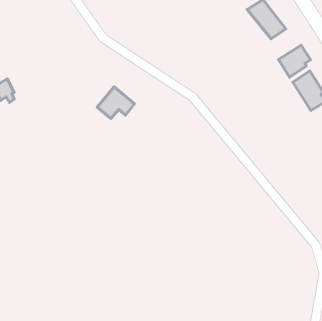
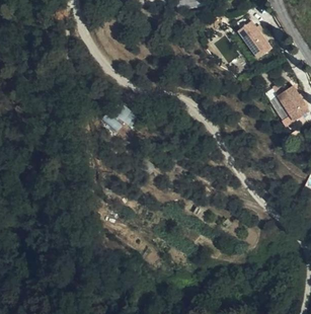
building: [279,45,311,77] -> none

